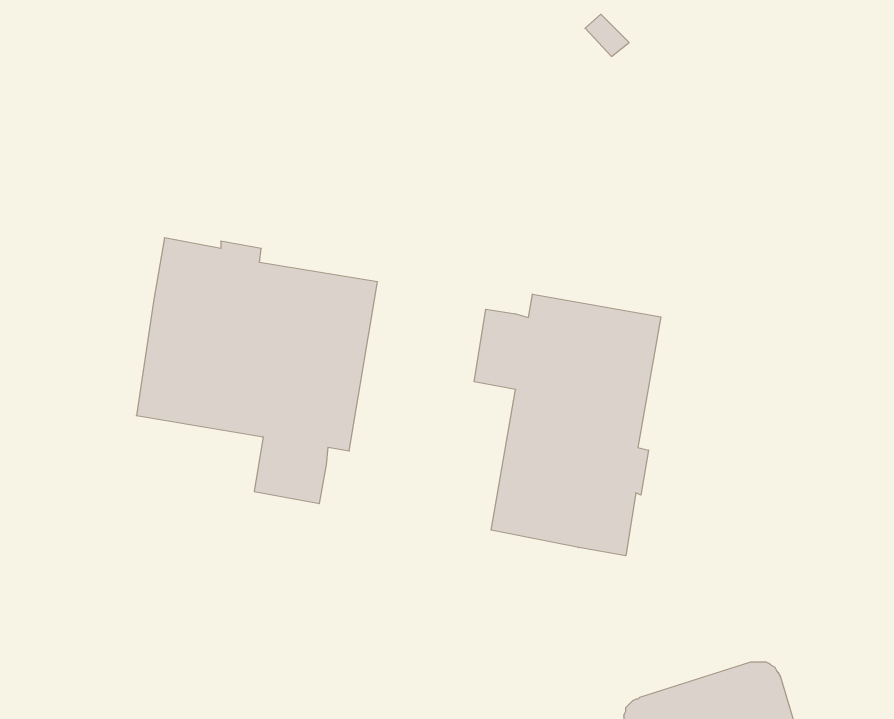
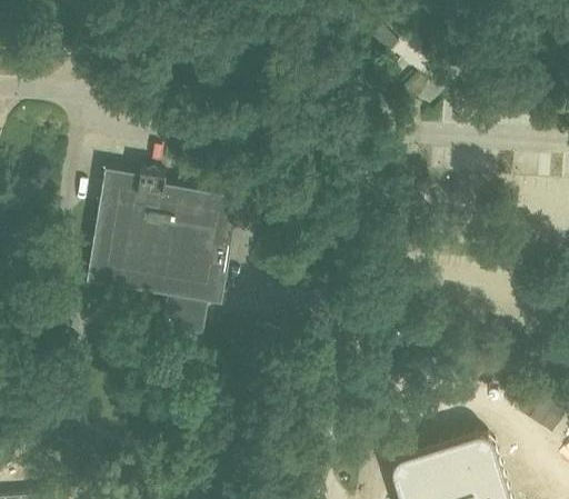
building: [474,294,661,556] -> none

